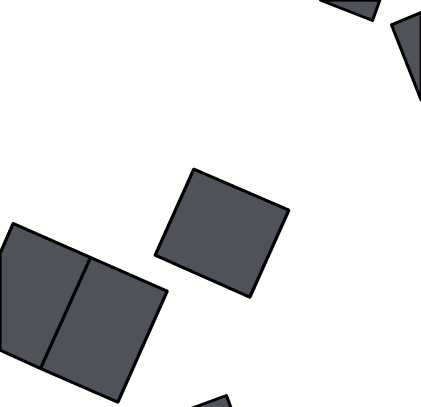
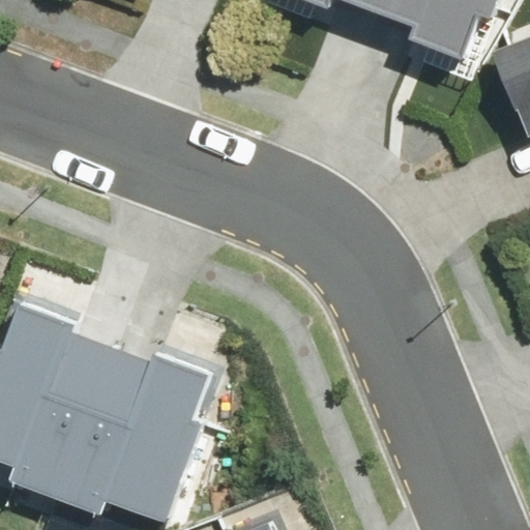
building: [155,169,289,297] -> none

